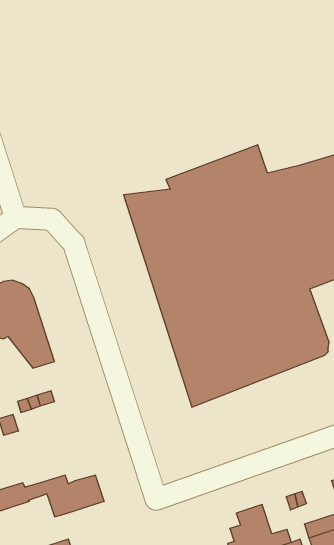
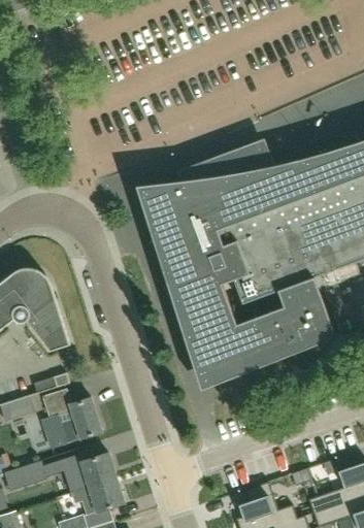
building: none -> [39,390,101,450]
building: none -> [70,478,124,516]

